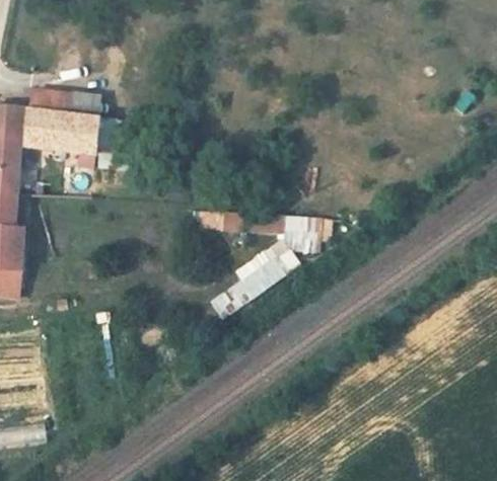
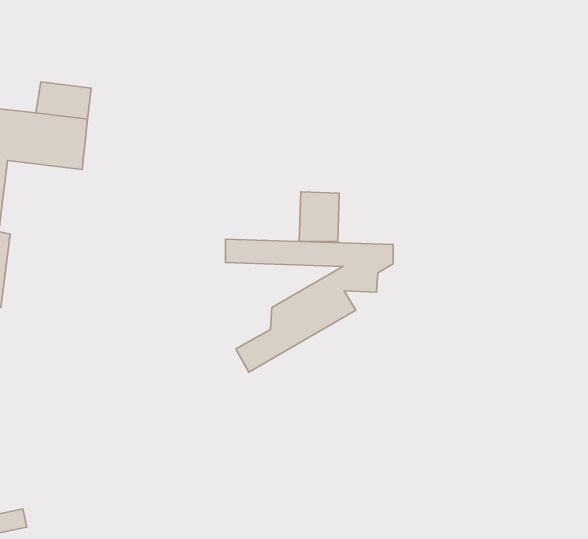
building: none -> [299,192,339,242]

